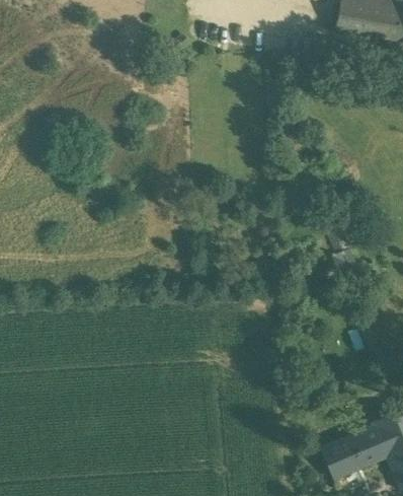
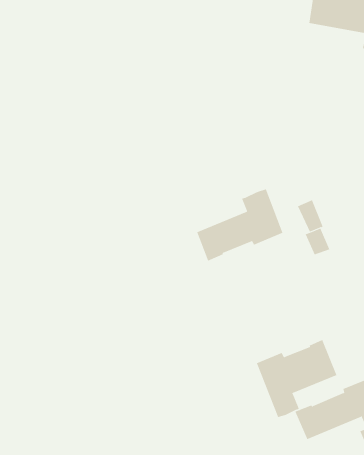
building: none -> [196,189,283,261]
building: none -> [256,339,337,418]

